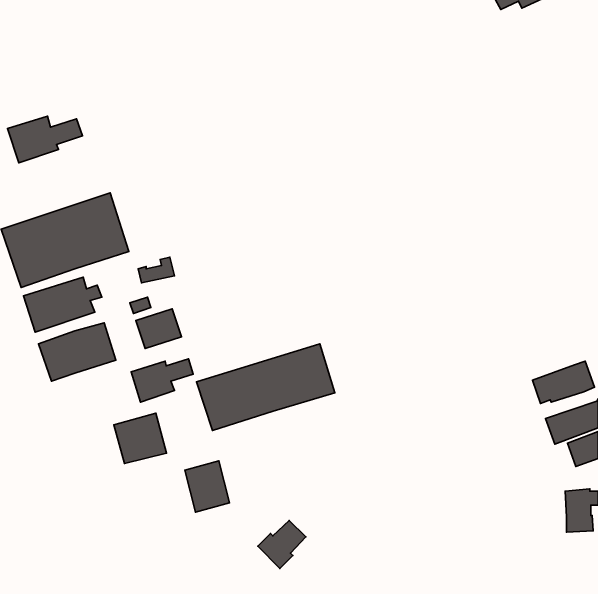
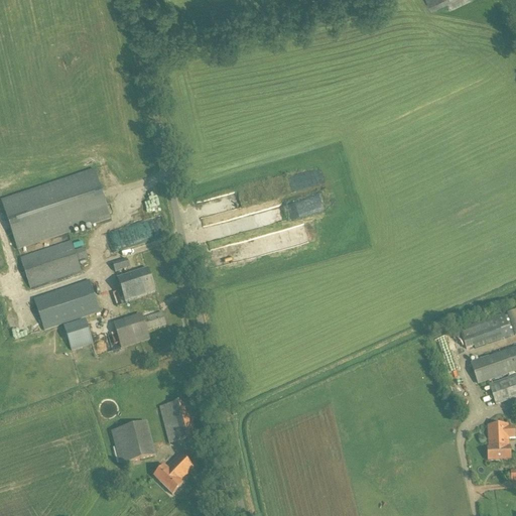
building: [7,116,82,163] -> none
building: [197,344,335,430] -> none
building: none -> [63,316,93,349]
building: [114,413,167,464] -> [111,419,156,463]
building: [258,520,306,568] -> [153,452,195,493]

